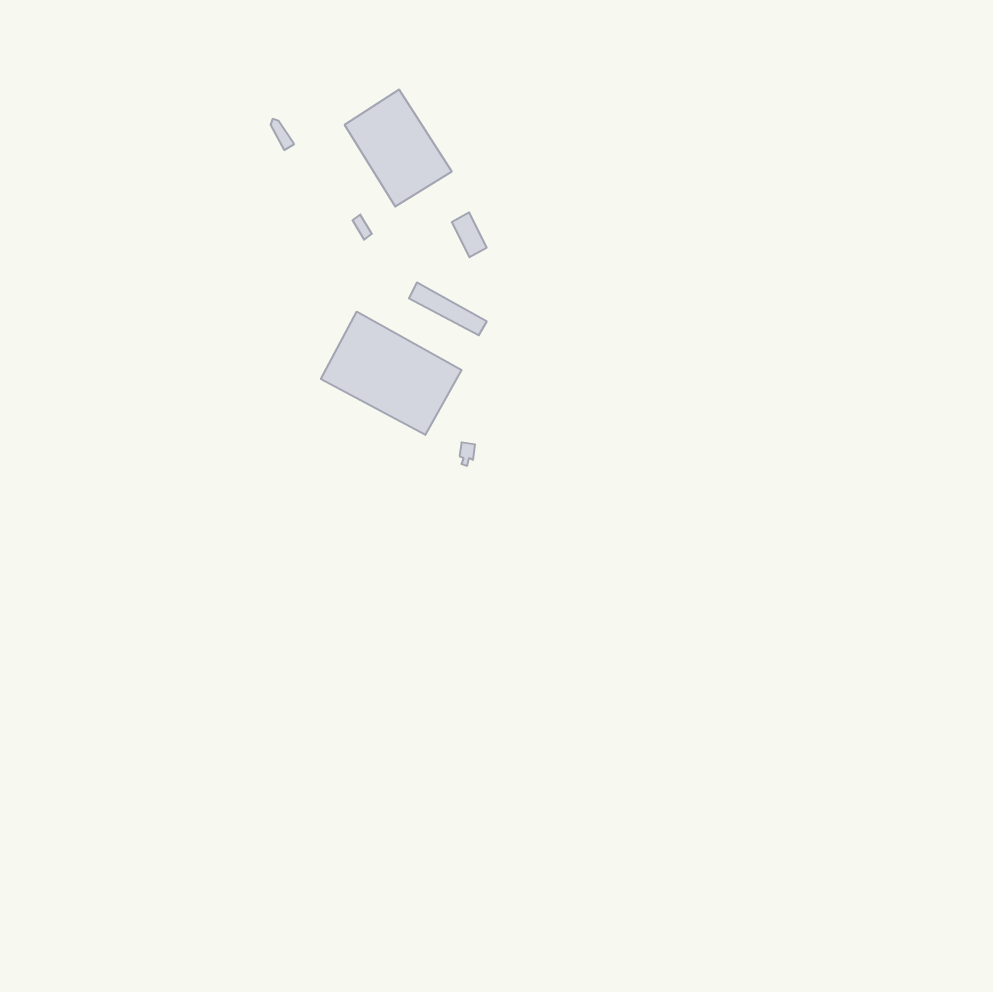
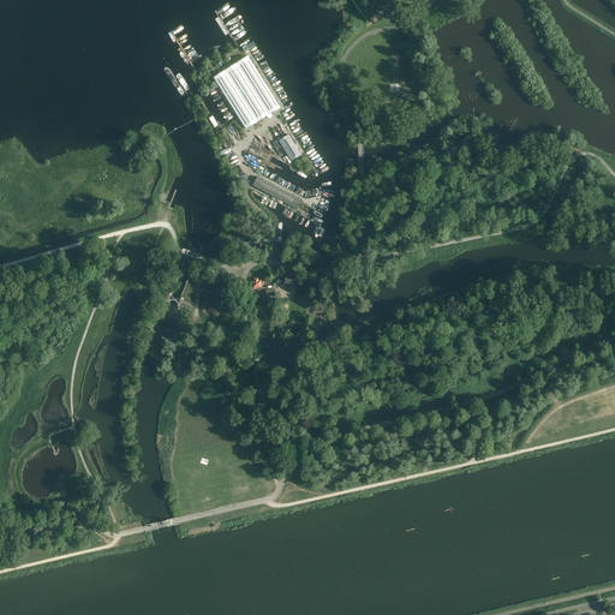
building: [321,312,461,435] -> none

